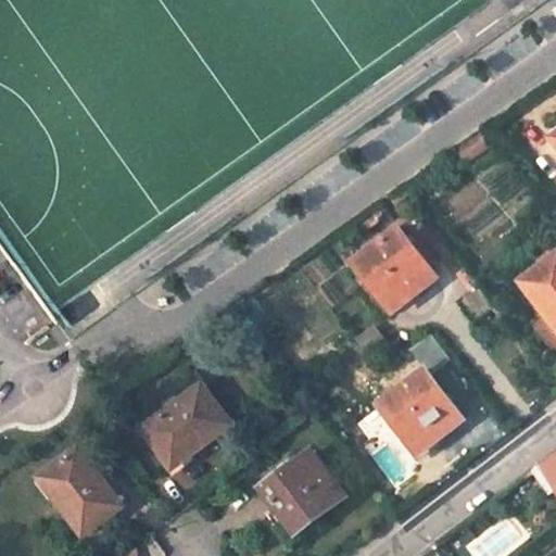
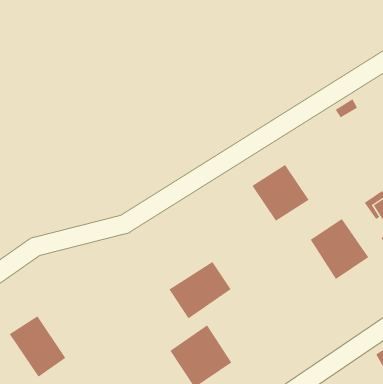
building: [383,377,464,459] -> [310,218,369,280]
building: [146,386,229,465] -> [169,261,231,319]

